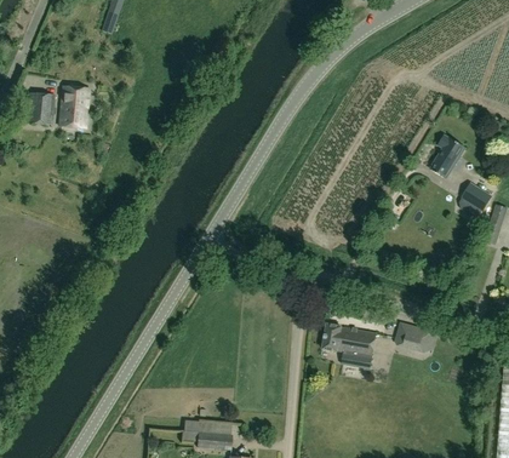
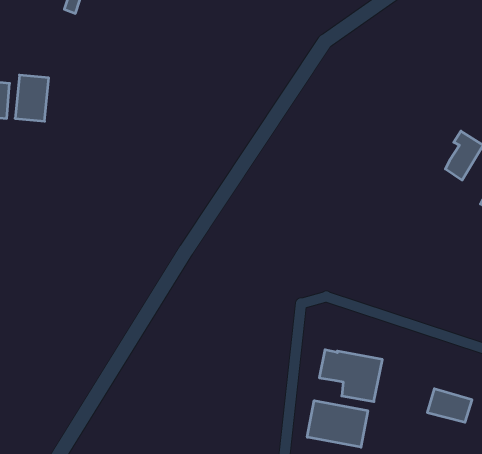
building: [395,322,434,351] -> [427,389,472,422]
building: none -> [307,401,368,447]

